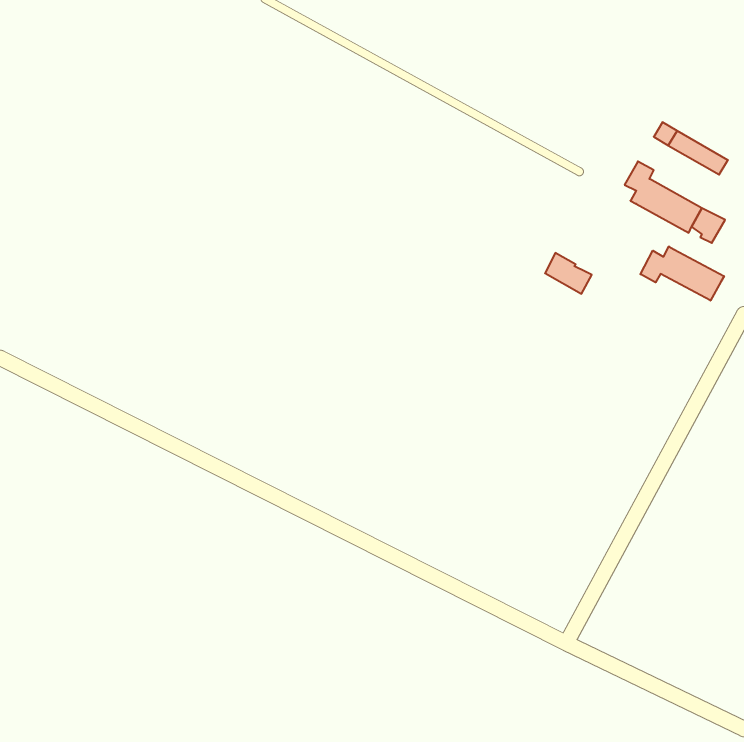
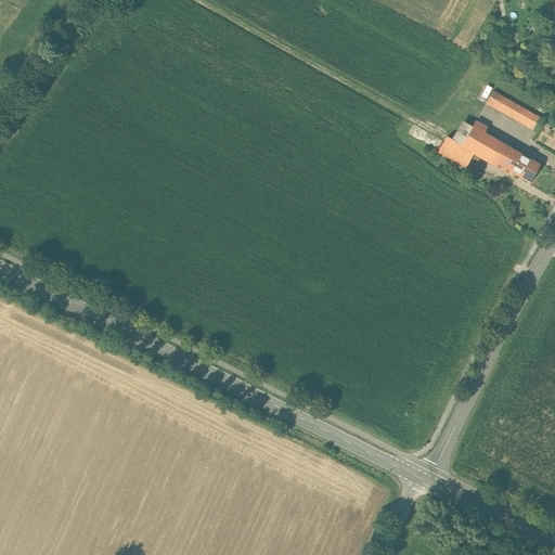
building: [640,246,724,301] -> none
building: [545,253,592,294] -> [439,135,474,166]

